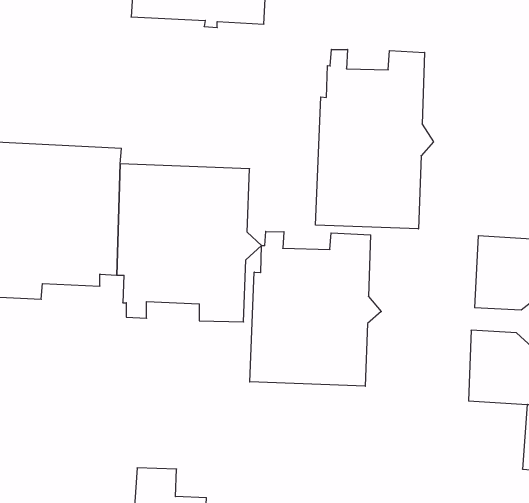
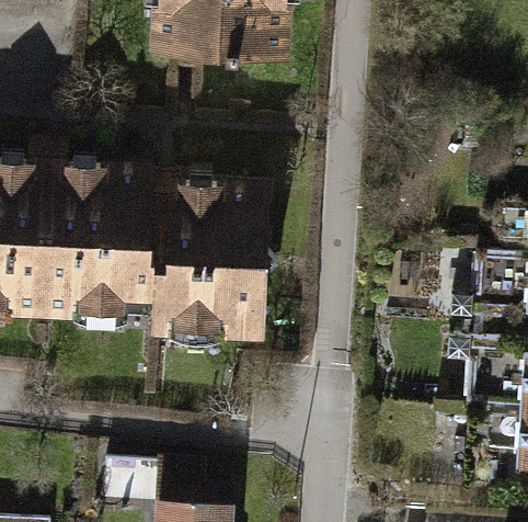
building: [316,49,433,229] -> none
building: [250,231,381,386] -> none

